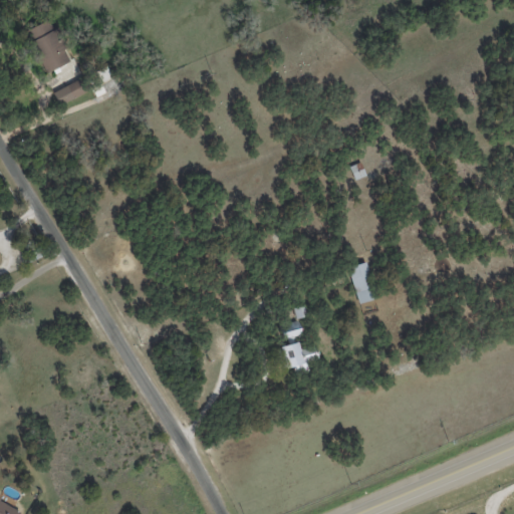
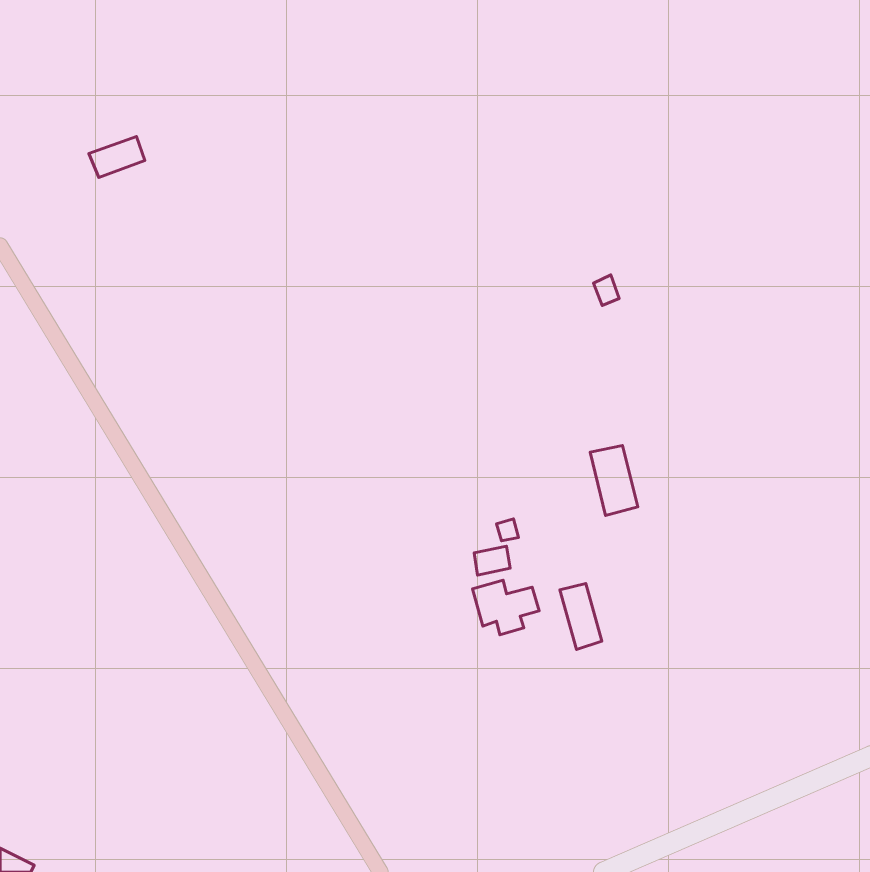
building: [26,19,70,73] -> none
building: none -> [560,583,602,649]

